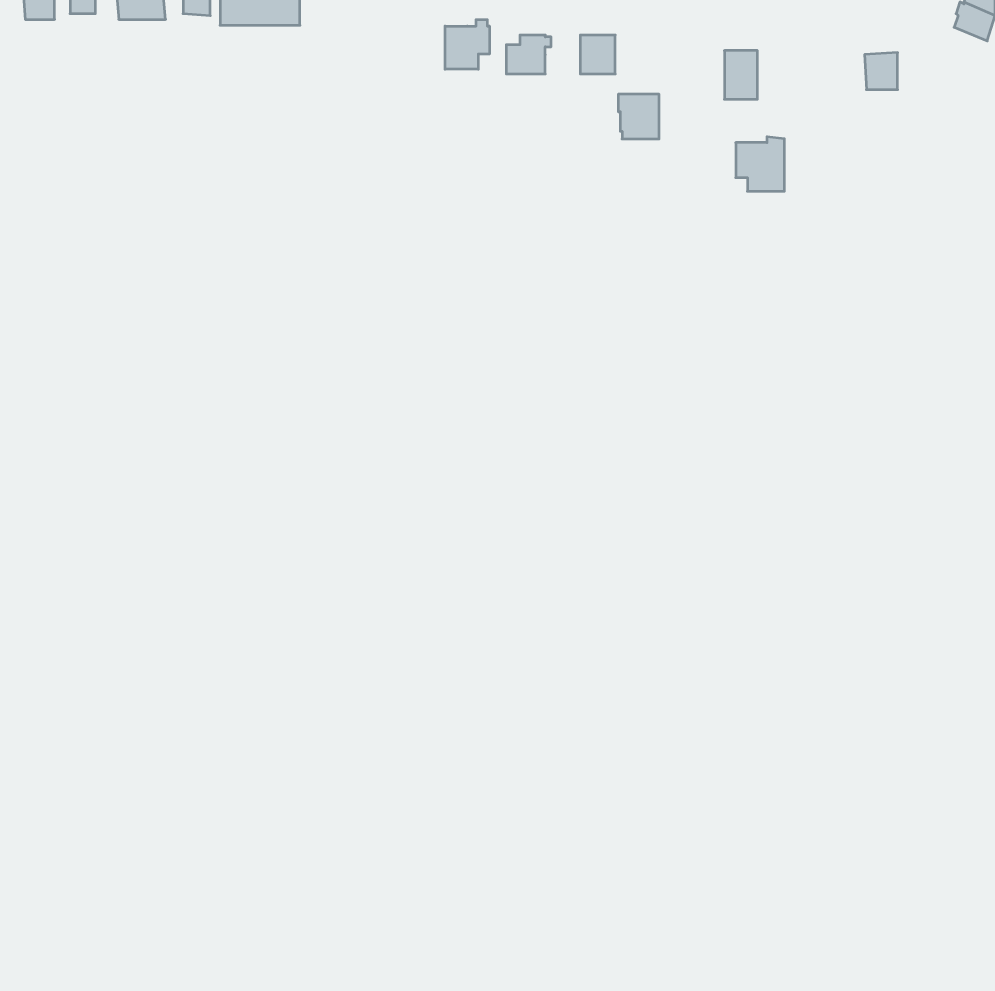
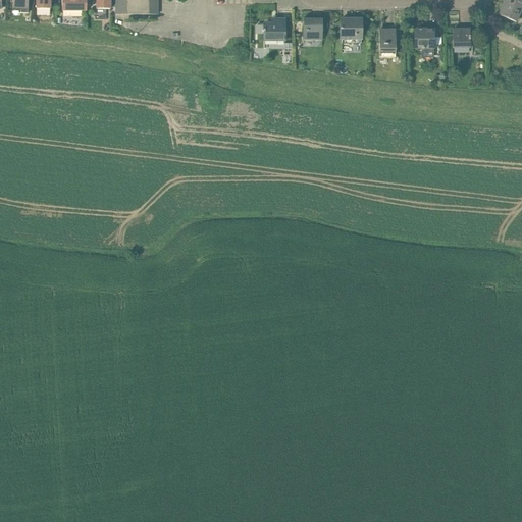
building: [445,20,489,69] -> none
building: [618,94,659,139] -> [341,18,362,42]
building: [736,137,784,191] -> [416,25,441,54]

